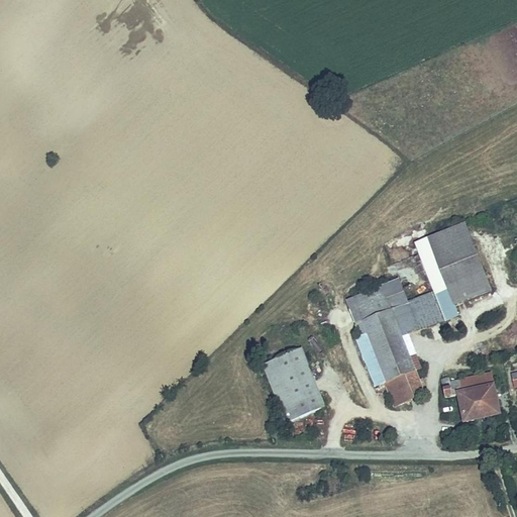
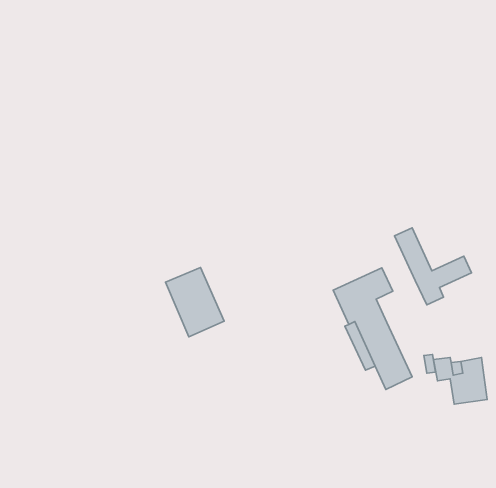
building: [427,221,481,281] -> none
building: [390,291,442,334] -> none
building: [265,354,325,426] -> [166,268,224,337]

